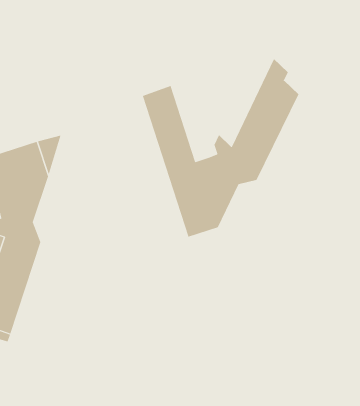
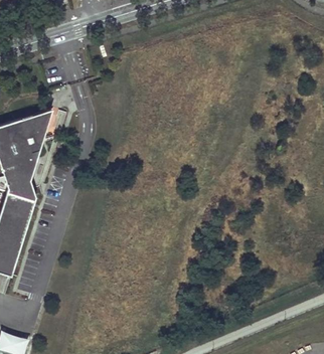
building: [142,58,299,237] -> none

